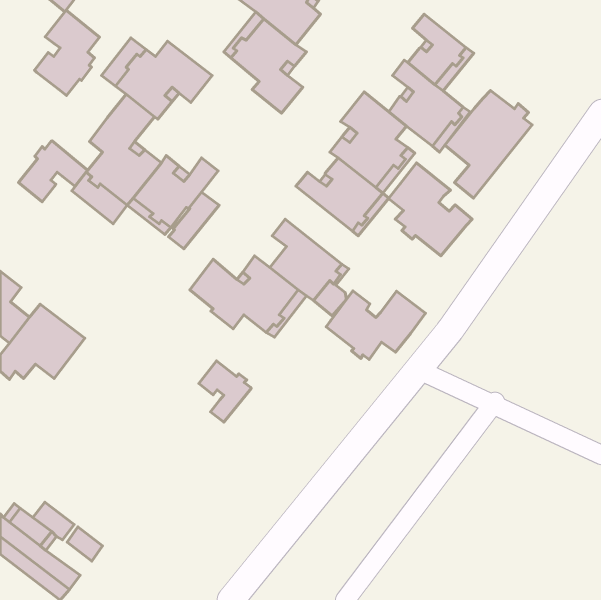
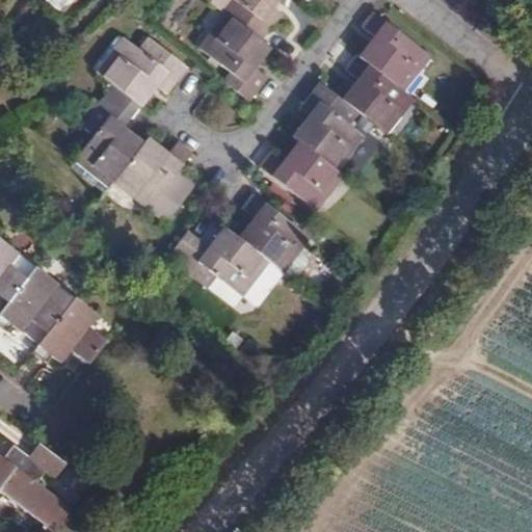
building: [34,10,100,96] -> none
building: [445,90,532,198] -> none
building: [18,141,88,202] -> none
building: [388,163,472,256] -> none
building: [326,291,426,359] -> none
building: none -> [33,297,106,367]
building: [199,361,251,422] -> none

